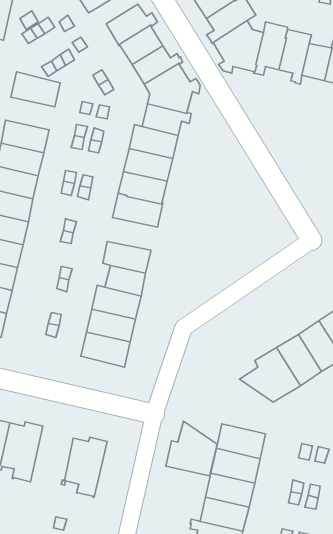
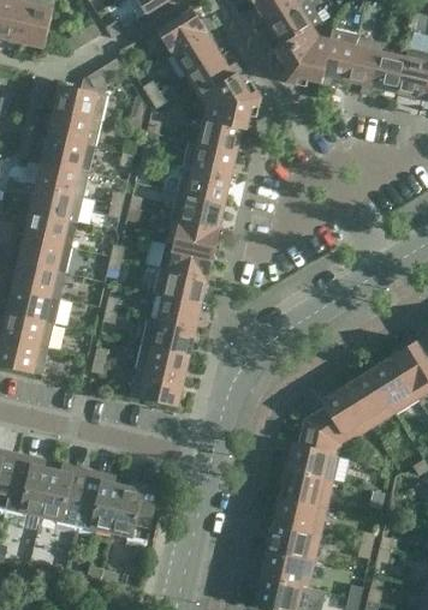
building: none -> [47,109,101,145]
building: none -> [159,241,214,279]
building: [166,421,217,476] -> [285,419,341,479]
building: none -> [75,471,121,537]

